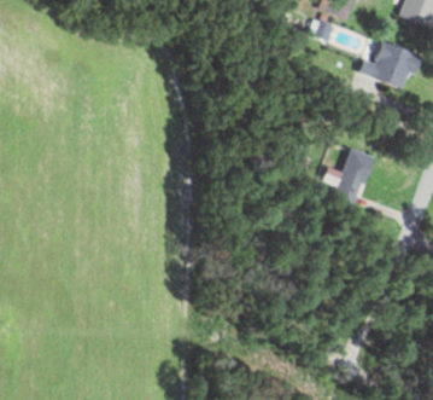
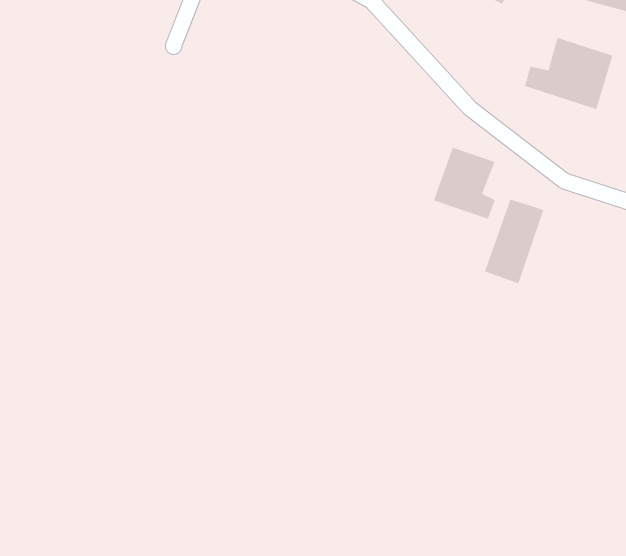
building: none -> [433,147,495,219]

